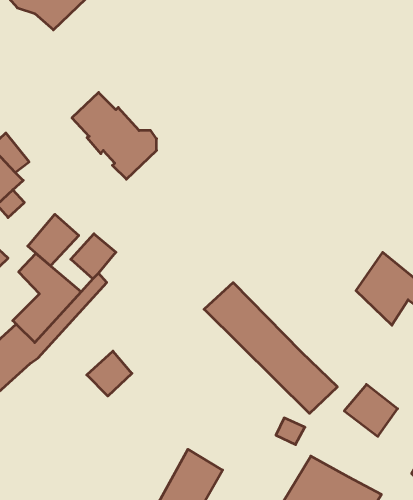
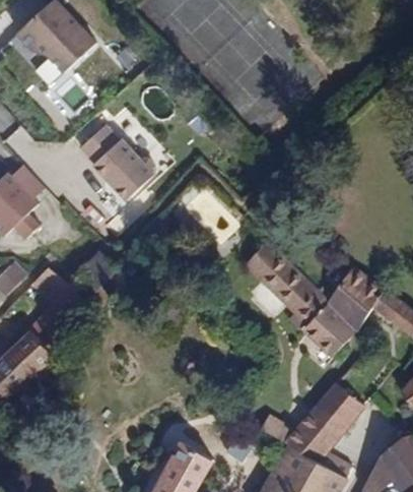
building: [28,214,79,266] -> none
building: [204,283,337,413] -> [243,240,359,355]
building: [87,351,132,396] -> none
building: none -> [288,407,347,465]

